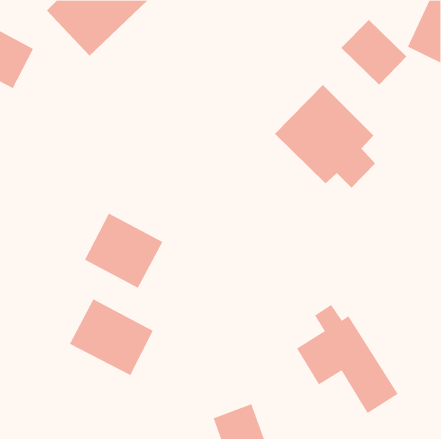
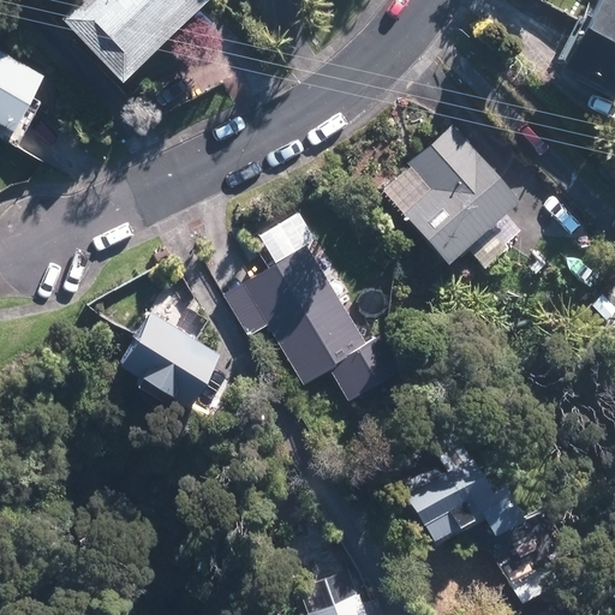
building: [341,19,407,86] -> none
building: none -> [219,243,388,400]
building: [69,299,154,376] -> none

